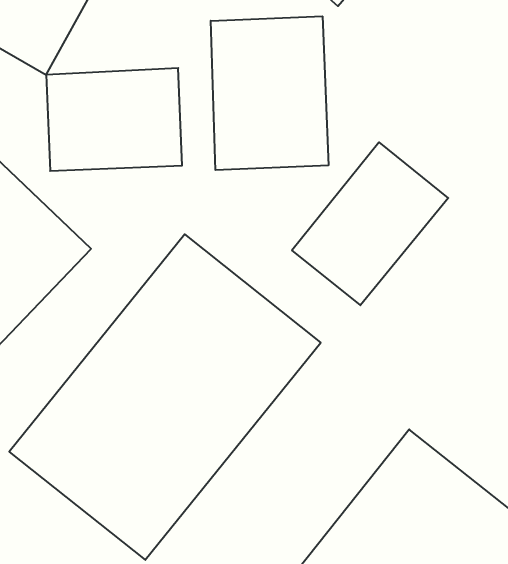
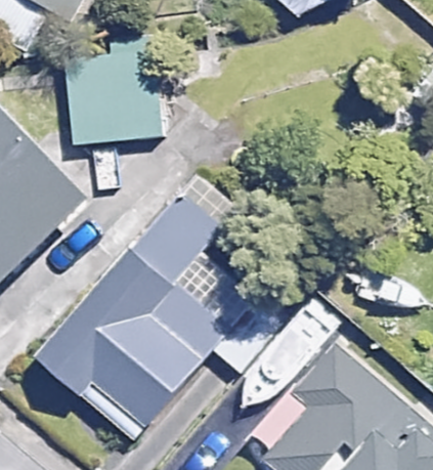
building: [211,16,328,170] -> none
building: [292,142,448,305] -> none

